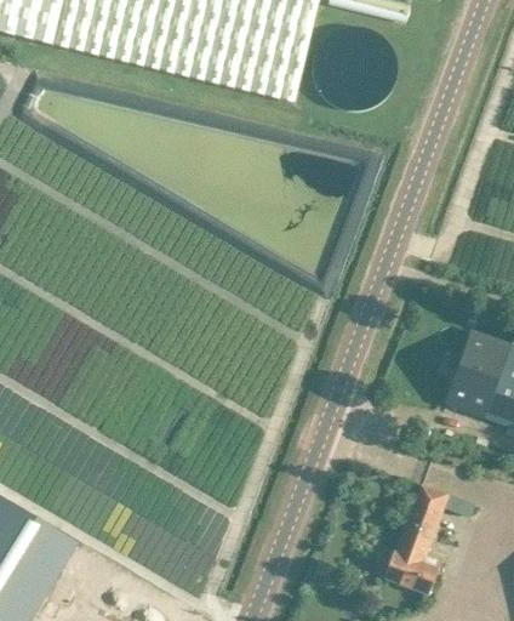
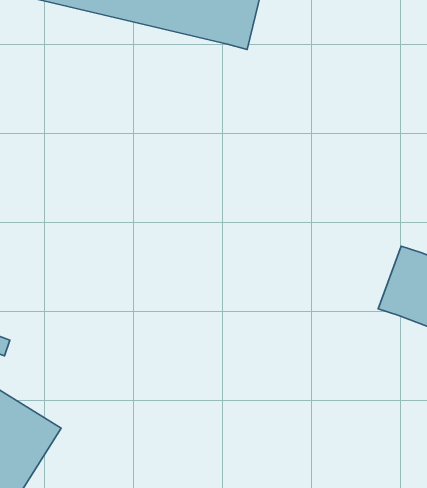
building: [383,482,450,593] -> none

